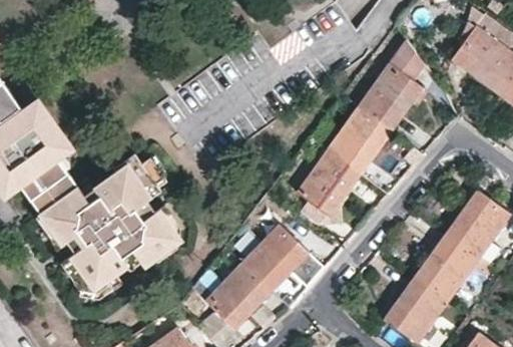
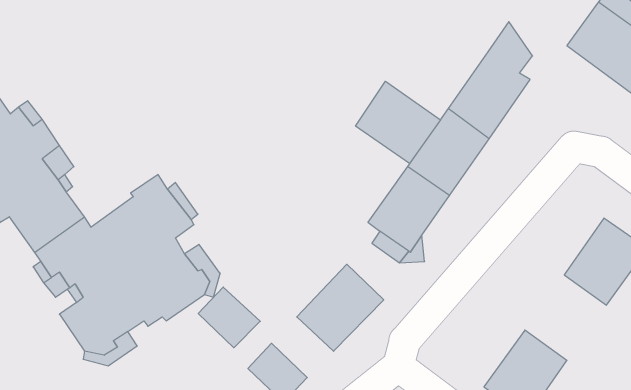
building: none -> [356,81,440,164]
building: [416,234,492,299] -> none
building: [223,266,271,312] -> [198,287,260,348]

